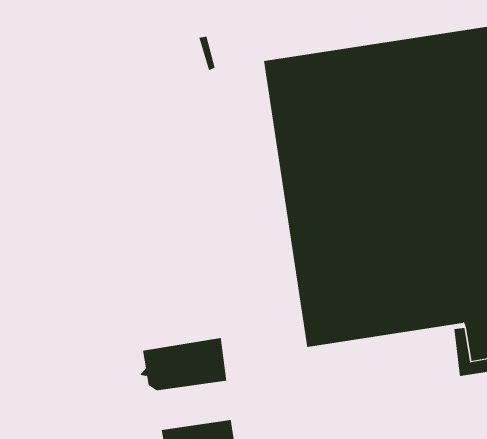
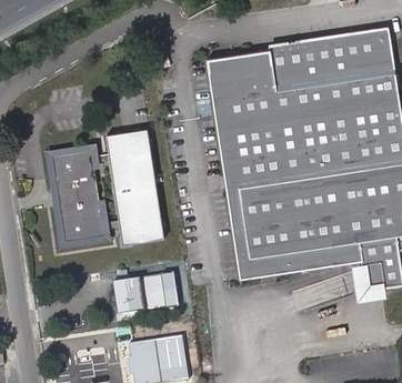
building: none -> [104,129,163,243]
building: none -> [43,142,110,246]

